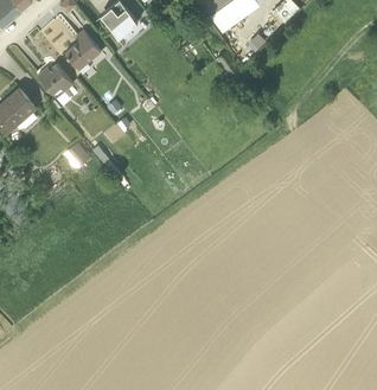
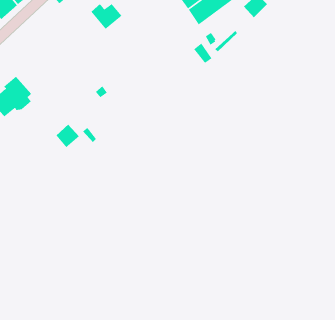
building: [65,31,101,73] -> none
building: [38,64,74,106] -> none

